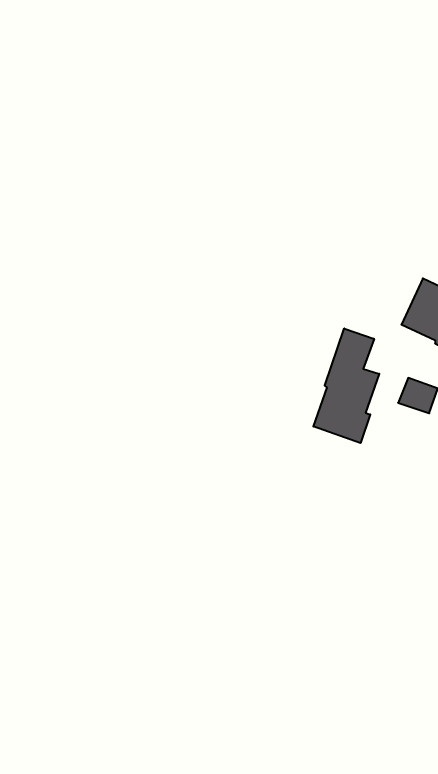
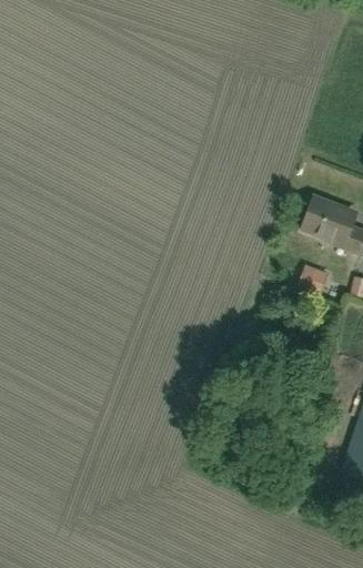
building: [313,328,379,443] -> none

